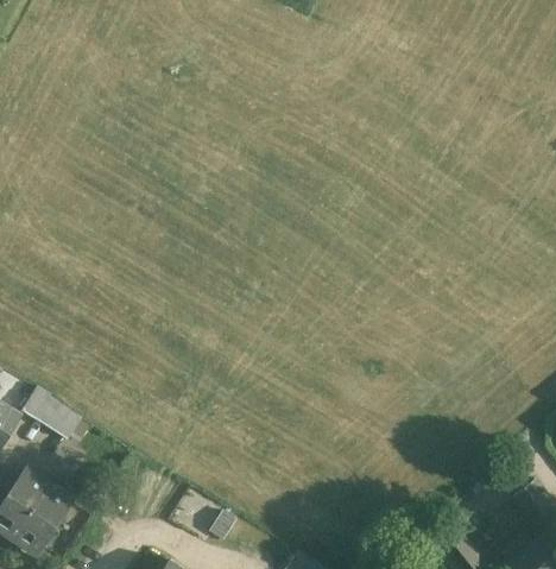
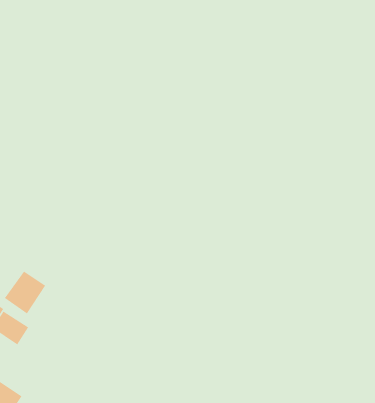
building: none -> [4,270,46,314]

